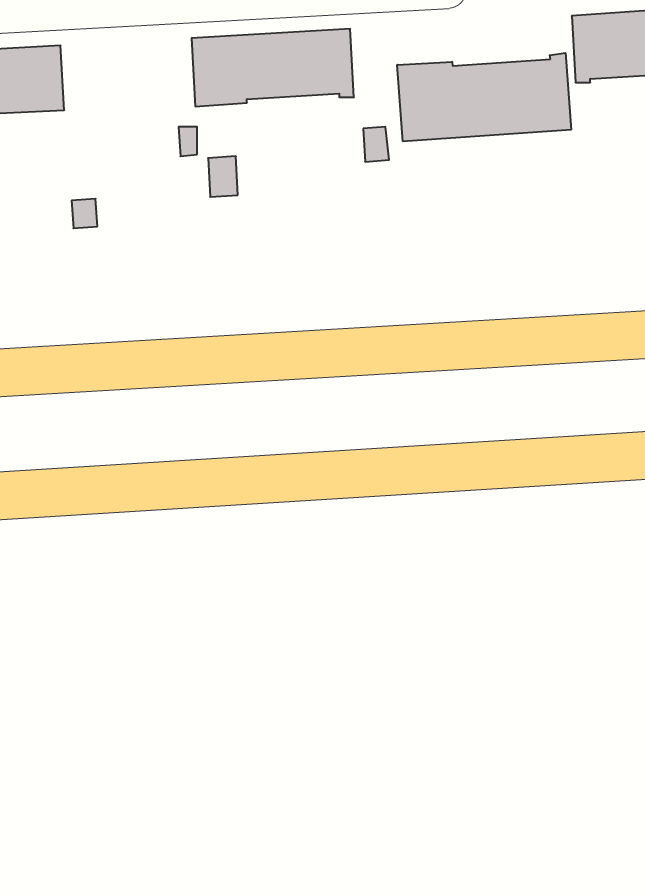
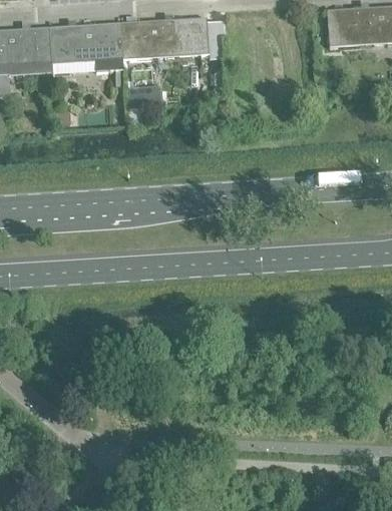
building: none -> [49,23,122,62]
building: [397,53,571,141] -> none

